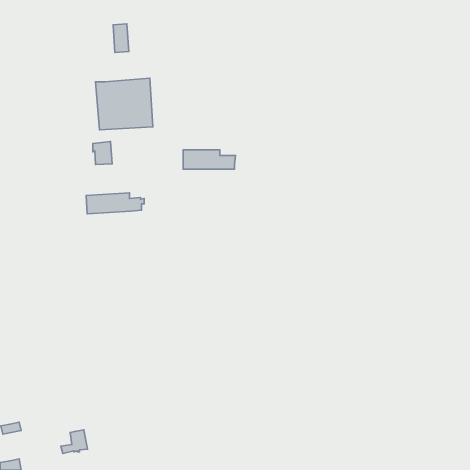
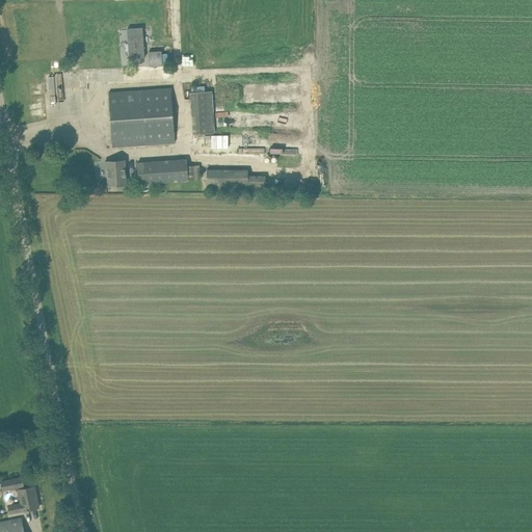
building: none -> [190,91,215,135]
building: [86,193,144,214] -> [138,160,204,184]
building: [61,430,88,454] -> [8,486,38,513]

